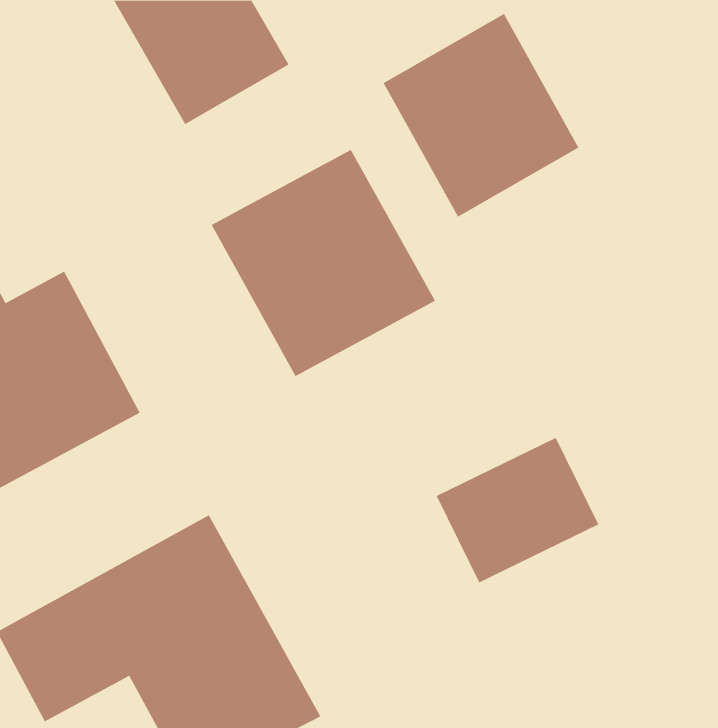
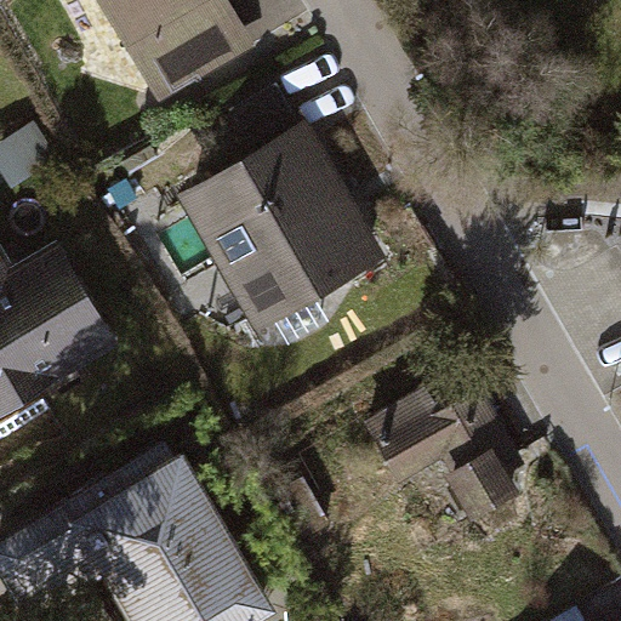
building: [383,13,579,217] -> none

